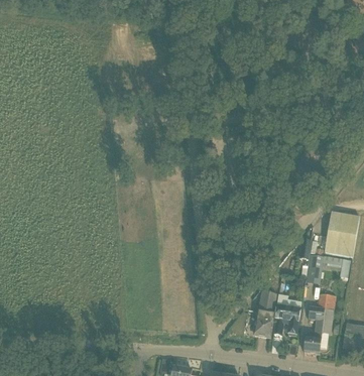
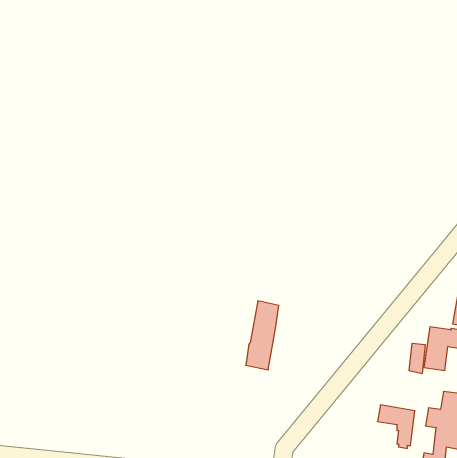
building: [254,289,276,336] -> [246,301,279,370]

